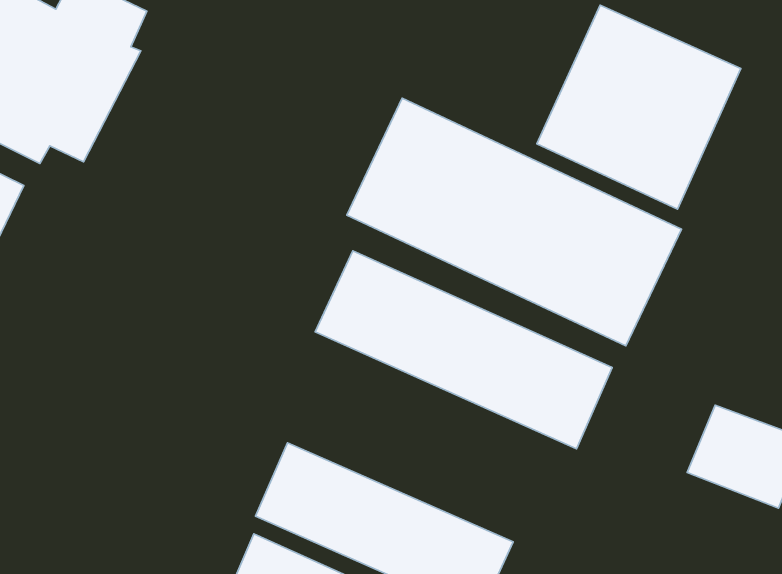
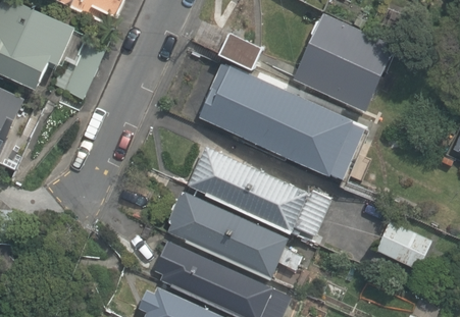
building: none -> [159,186,304,286]

